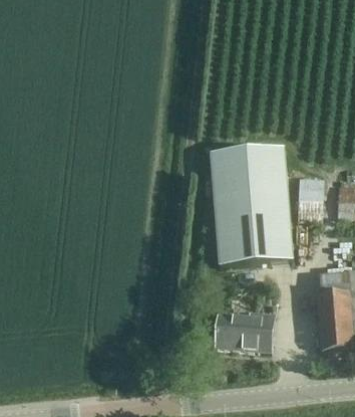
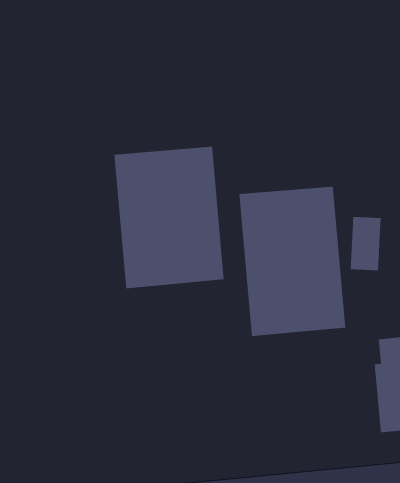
building: none -> [114,146,224,289]
building: [215,309,272,350] -> none

